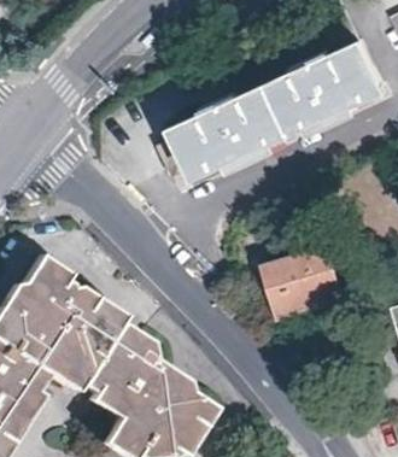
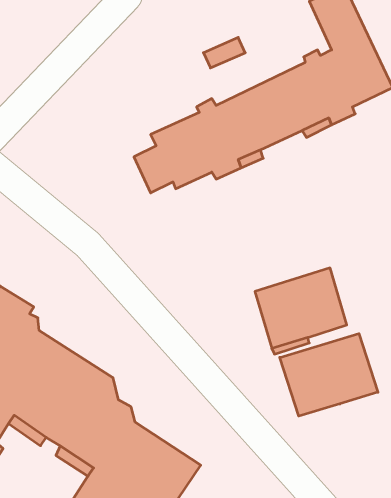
building: none -> [280,334,378,416]

